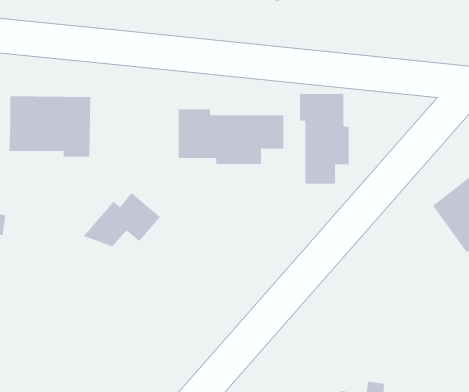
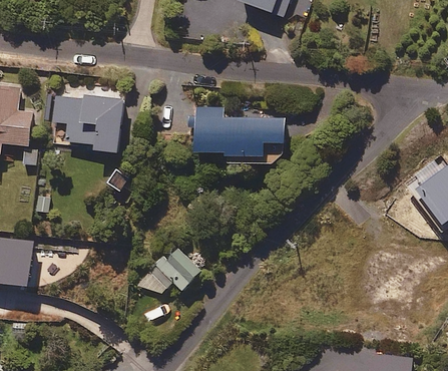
building: [299,93,349,185] -> none
building: [83,192,161,247] -> [135,249,201,295]

